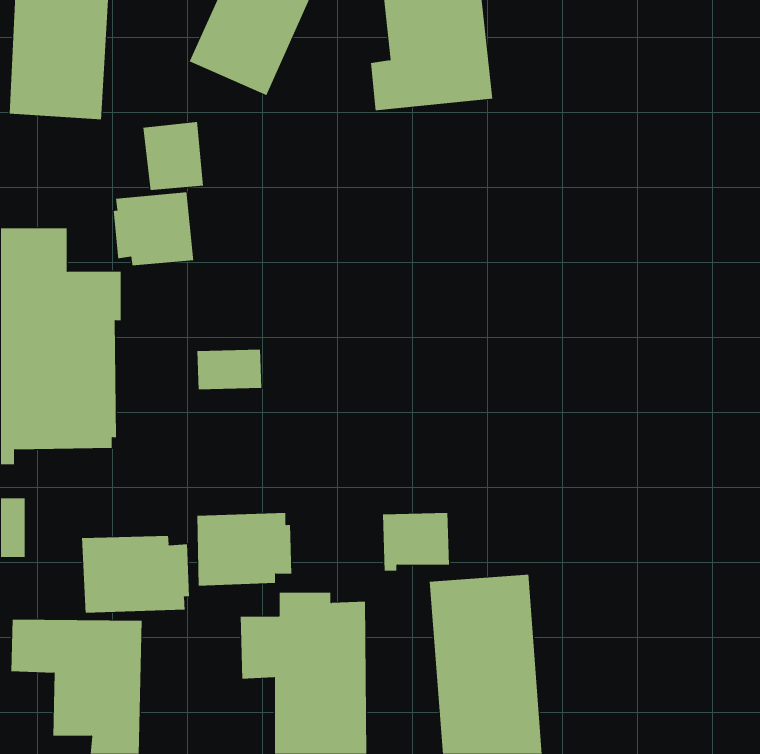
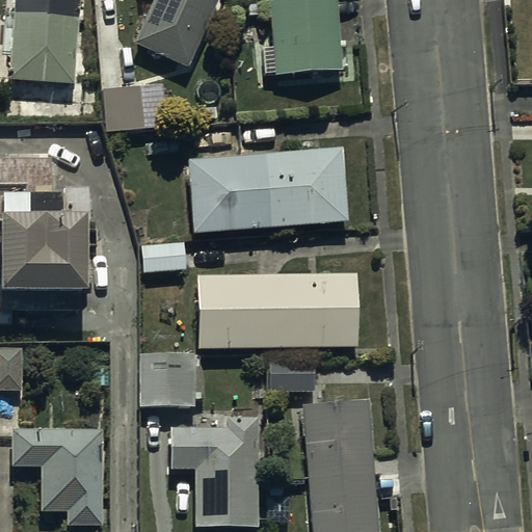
building: [113,192,194,266] -> none
building: none -> [188,148,348,235]
building: none -> [196,274,357,349]
building: [82,535,189,613] -> none

